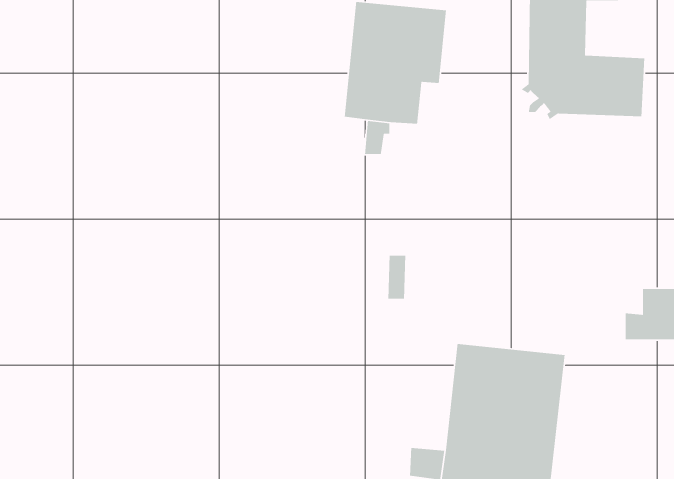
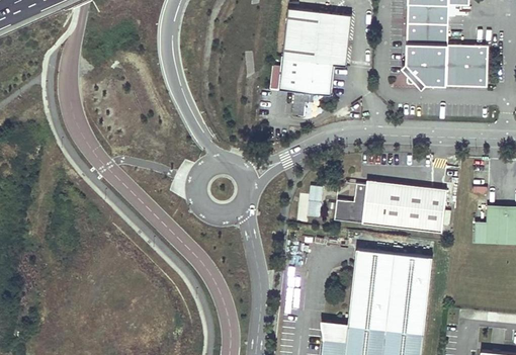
building: none -> [333,179,445,231]

